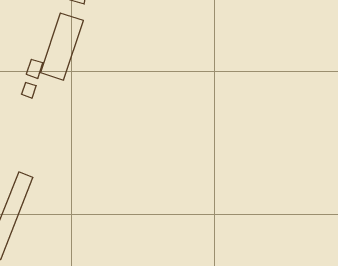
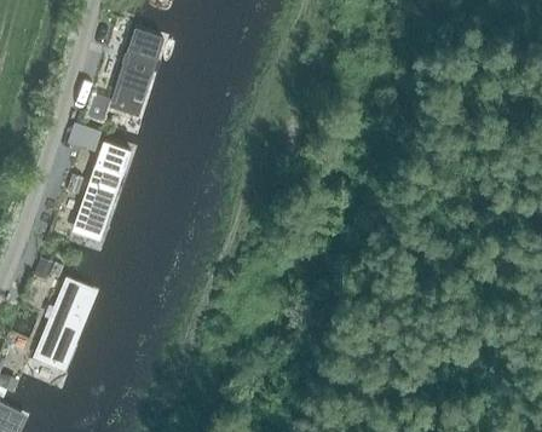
building: none -> [71,140,125,236]

